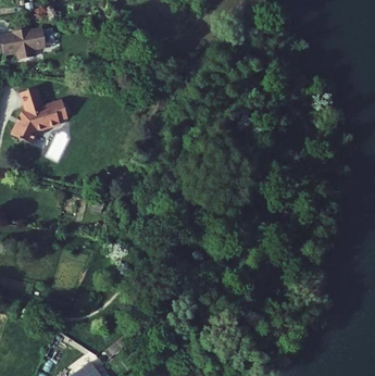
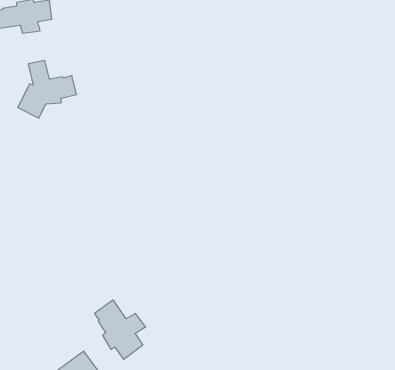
building: none -> [95,300,146,360]

